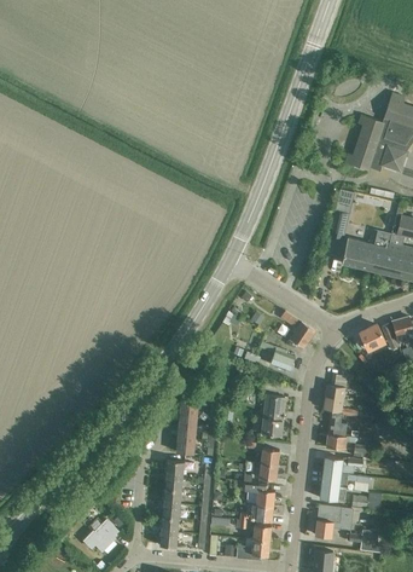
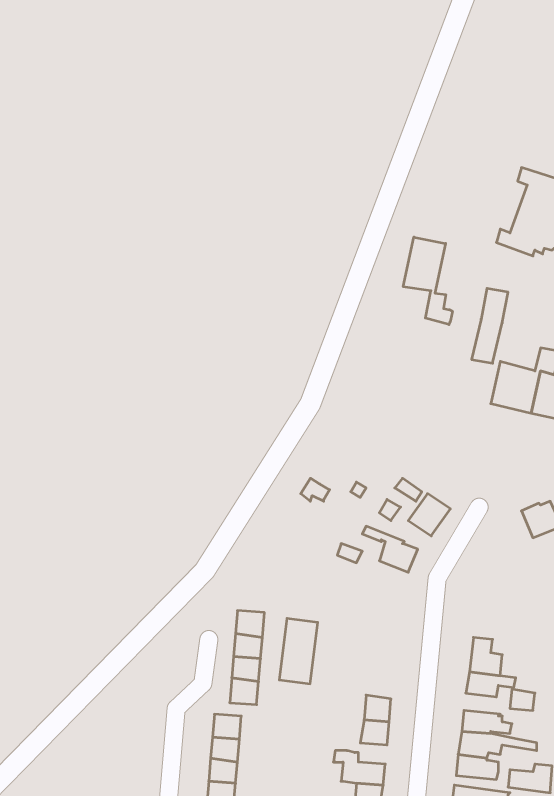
building: none -> [403,237,452,325]
building: [324,375,359,418] -> none
building: [262,395,286,437] -> [279,618,318,684]

